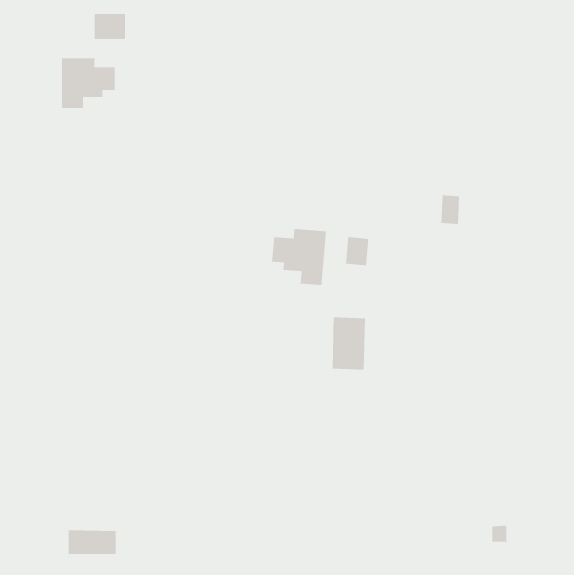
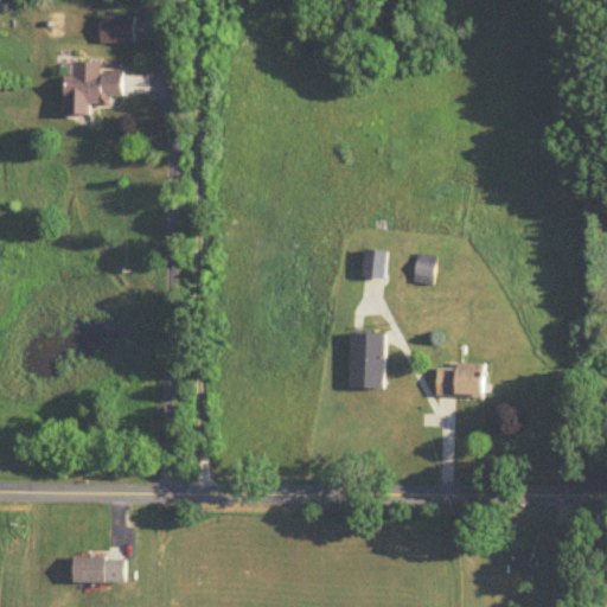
building: [441,195,460,224] -> [414,253,434,283]
building: [272,228,327,286] -> none
building: none -> [435,365,484,396]

